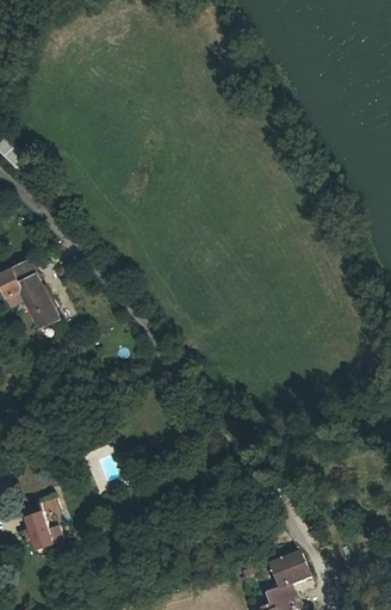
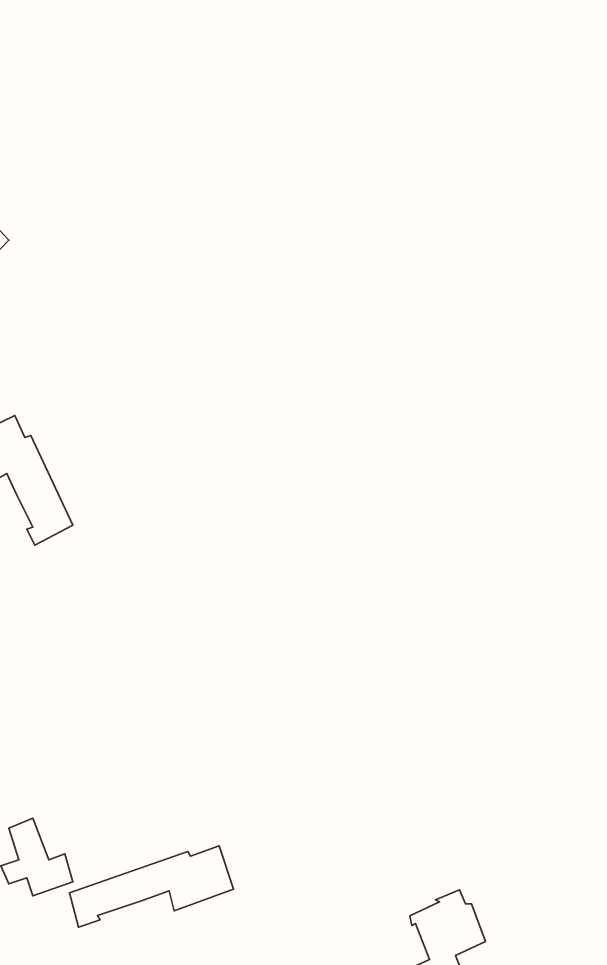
building: none -> [69,846,233,927]

